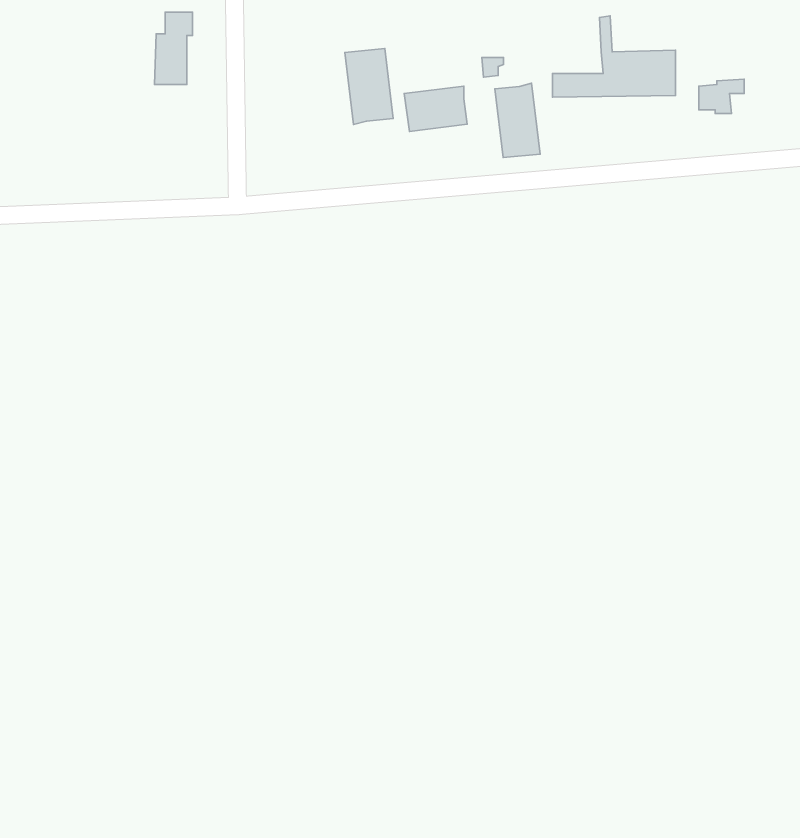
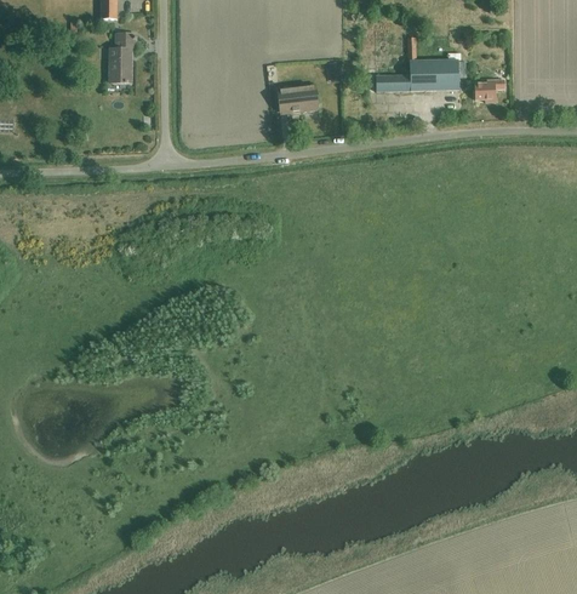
building: [345,49,393,125] -> none
building: [495,83,540,158] -> none

